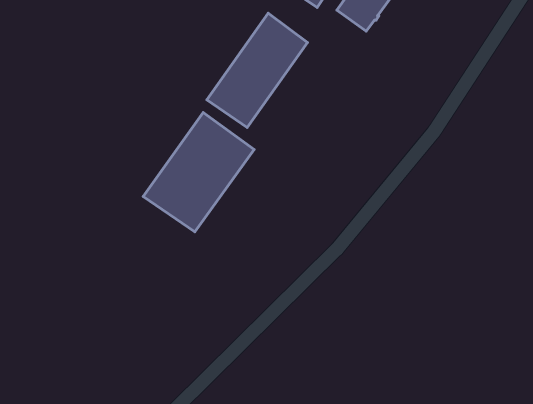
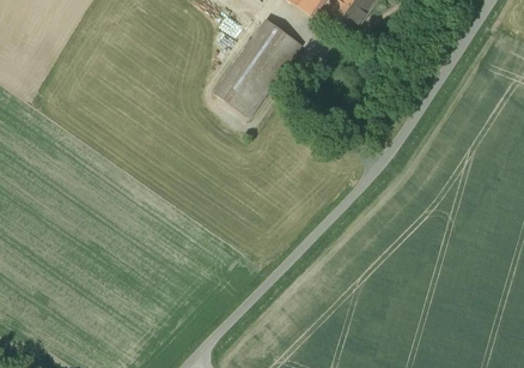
building: [143,112,254,232] -> none

